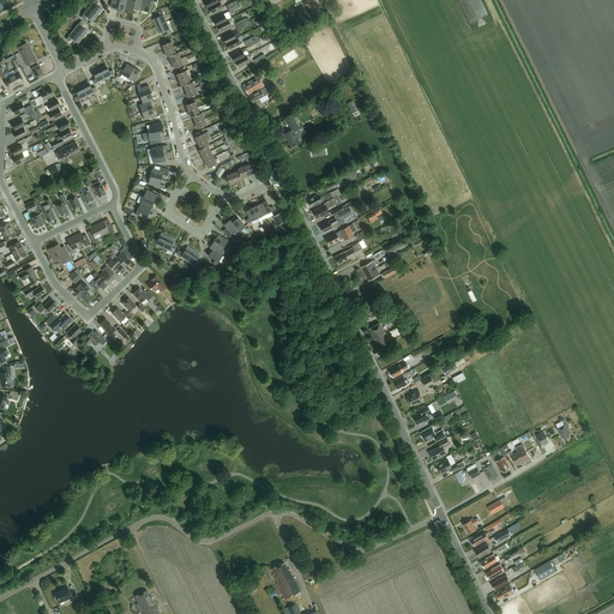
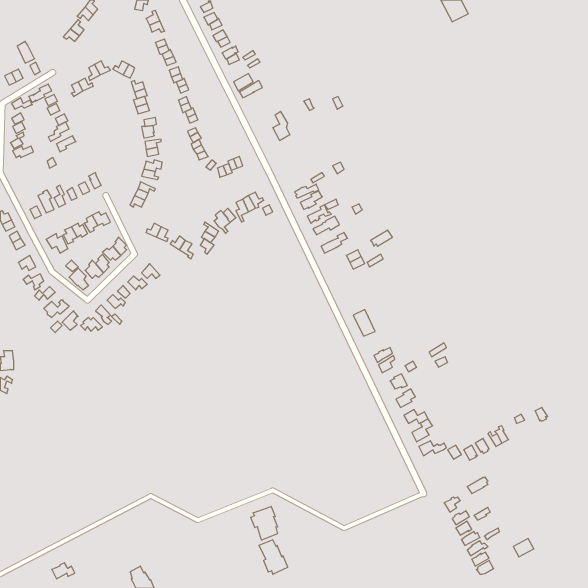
building: none -> [251,506,278,540]

